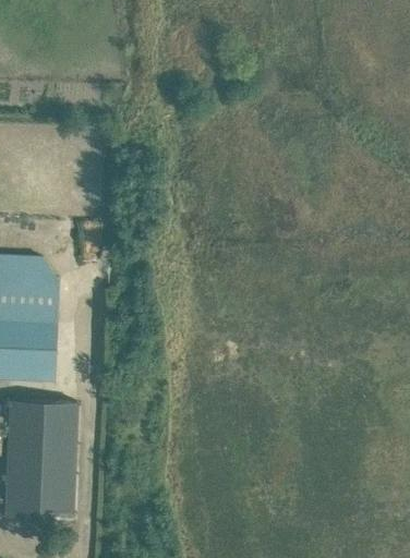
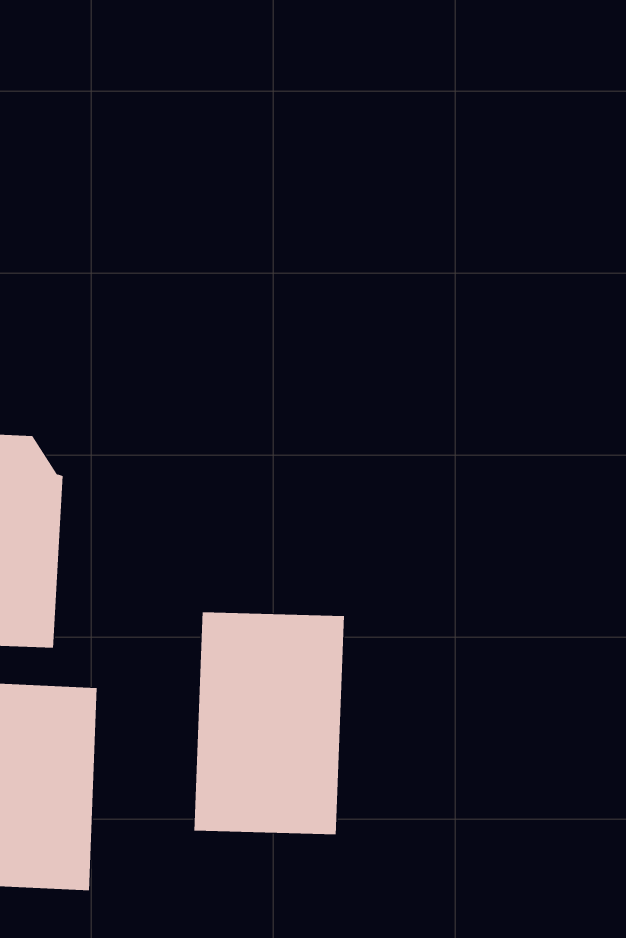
building: none -> [194,612,345,835]

